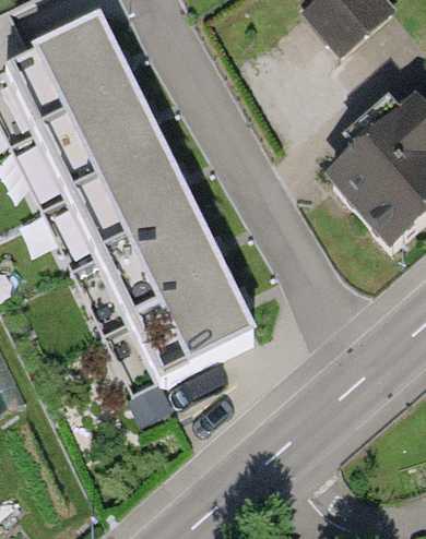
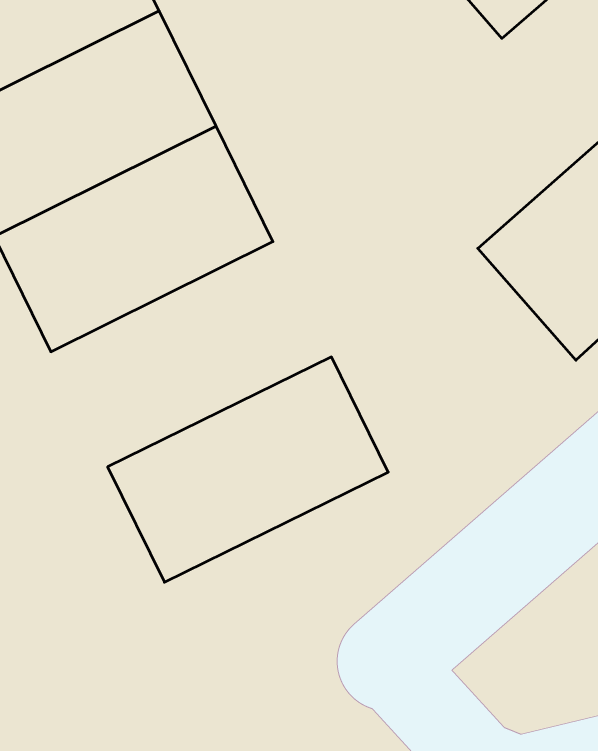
building: [55,188,233,331] -> none

